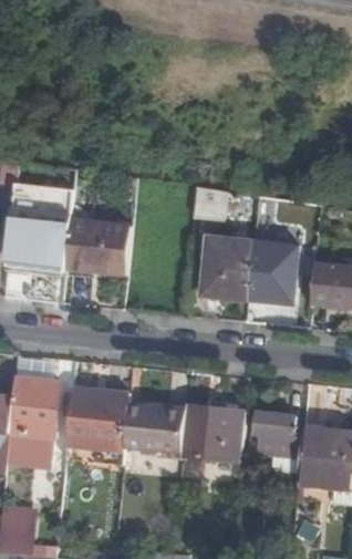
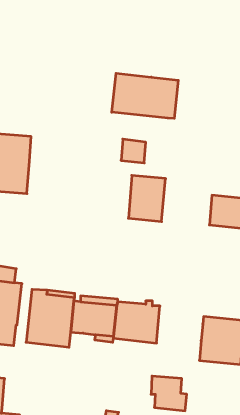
building: none -> [112,73,178,118]
building: [65,218,132,268] -> none
building: [246,241,298,303] -> none
building: [253,412,301,458] -> [151,376,187,411]

